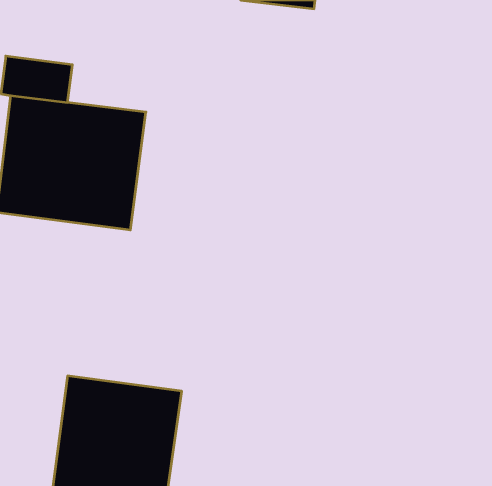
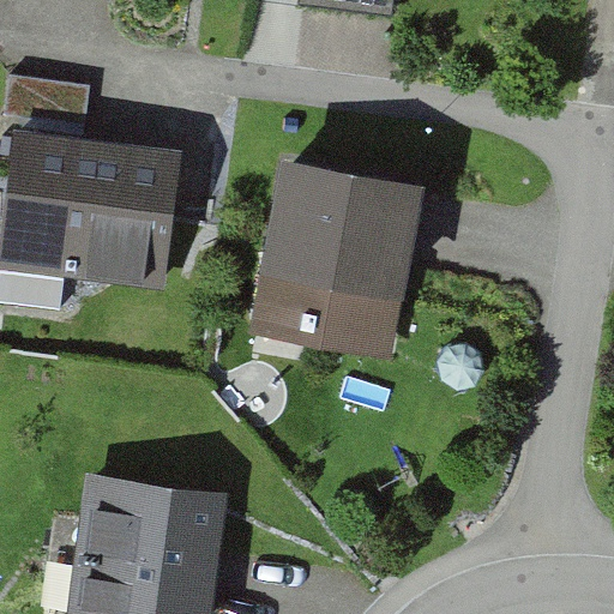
building: none -> [248,157,422,363]

